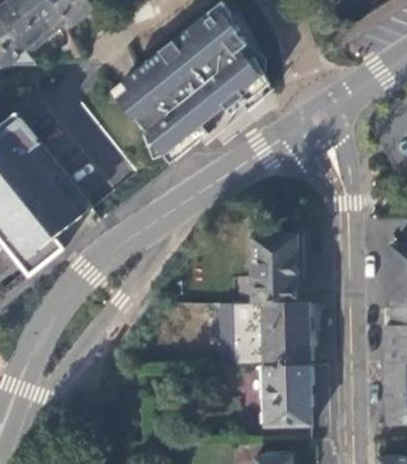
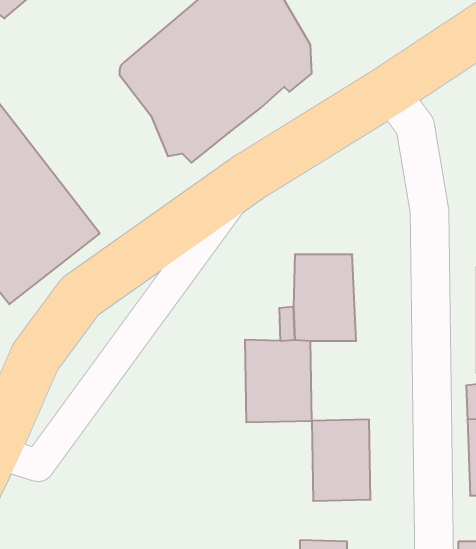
building: [264,301,309,363] -> none

